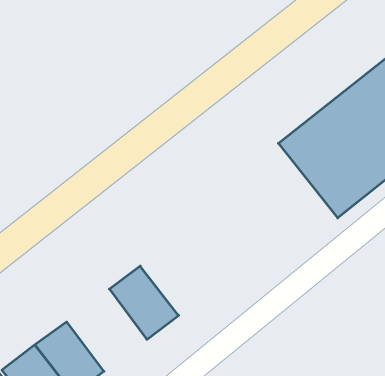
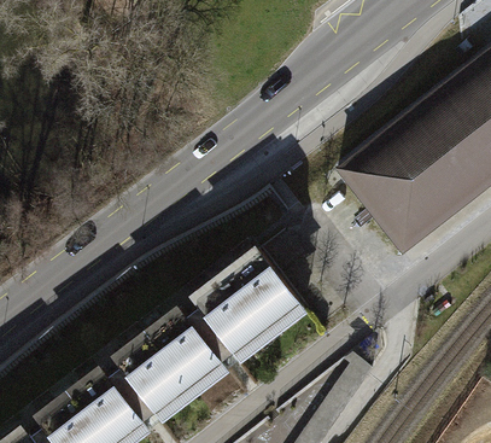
building: none -> [192,252,303,359]
building: none -> [113,338,191,420]

